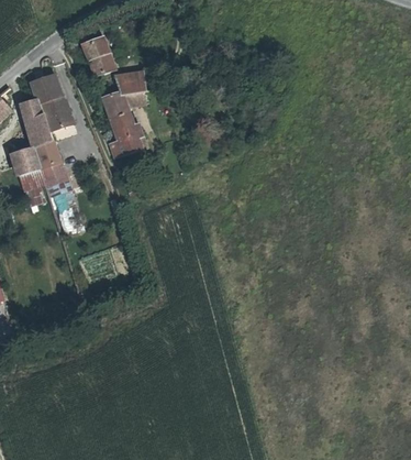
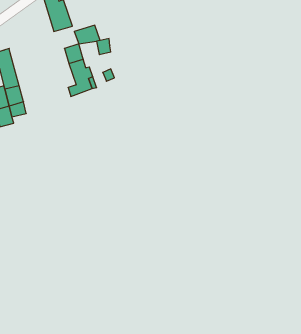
building: [34,74,67,128] -> none

